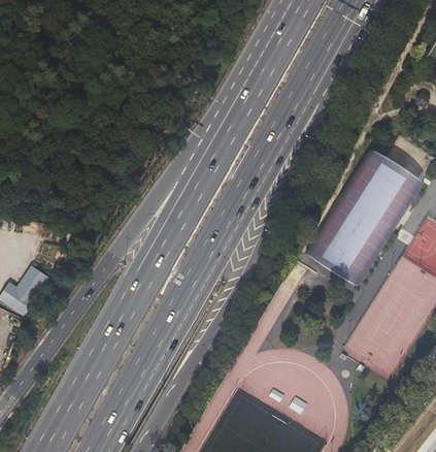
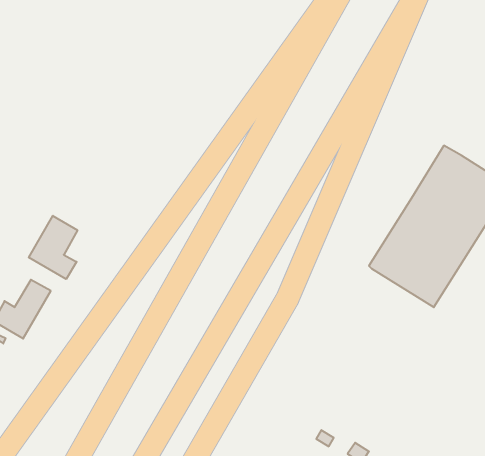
building: none -> [29,216,77,279]

